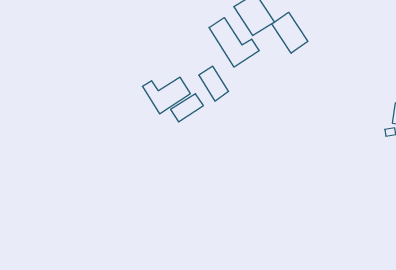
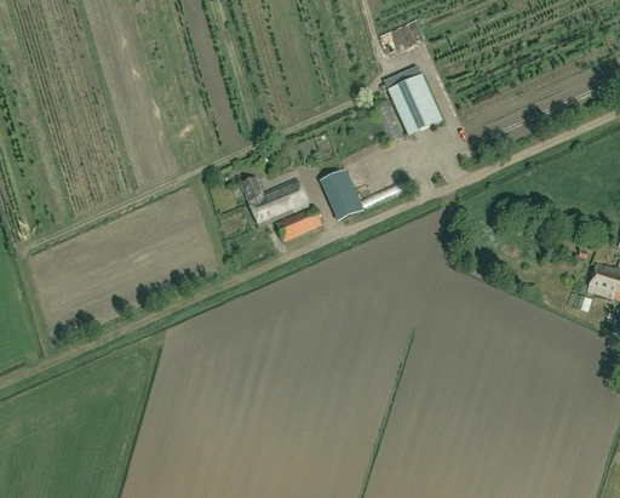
building: [272,12,308,53] -> none
building: [209,18,259,67] -> none

